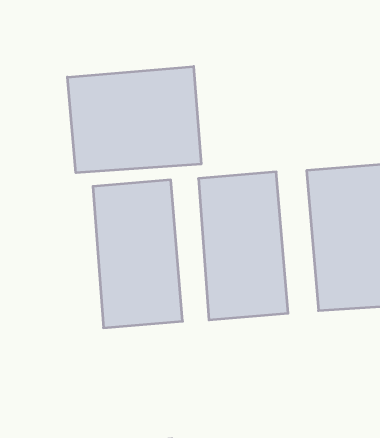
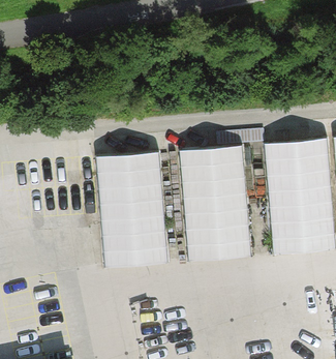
building: [67,66,201,173] -> none

